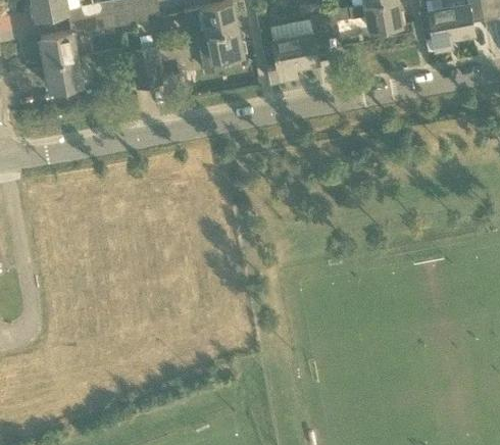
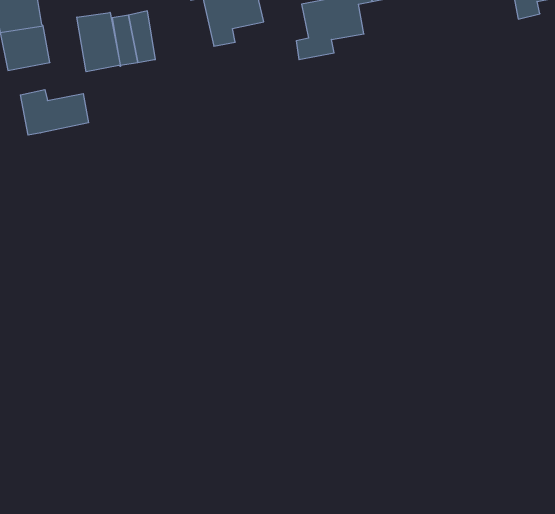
building: none -> [77,12,121,72]
building: none -> [20,90,88,135]

